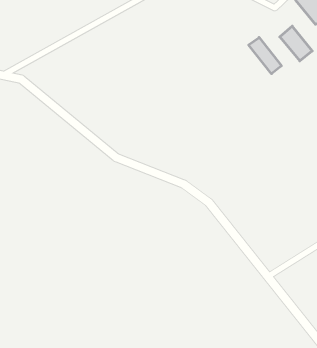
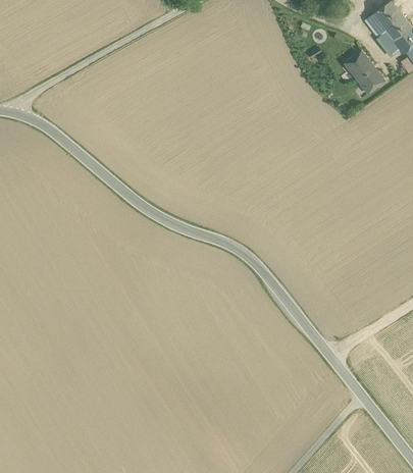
building: [249,37,281,74] -> none

